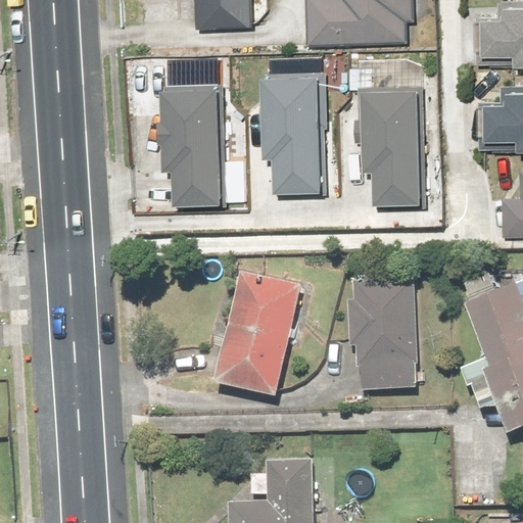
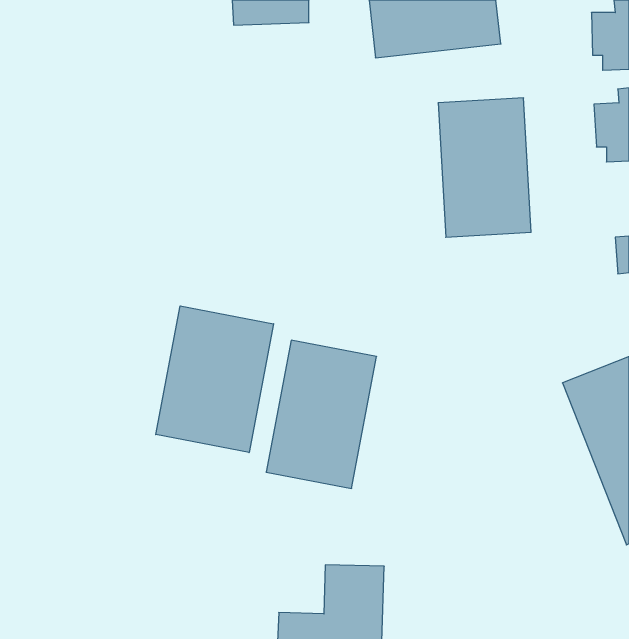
building: [265,69,322,186] -> none
building: [175,76,226,205] -> none
building: none -> [156,306,274,453]
building: [346,283,421,390] -> none

